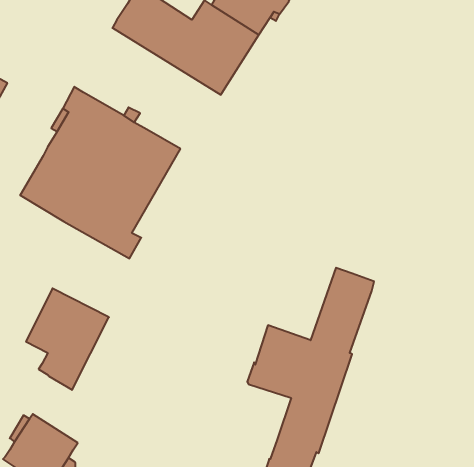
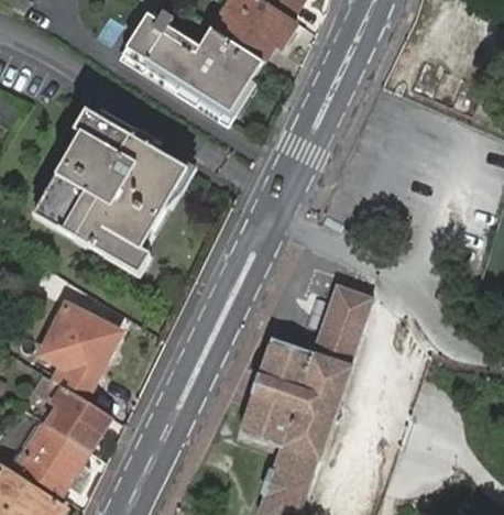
building: none -> [32,372,112,449]
building: none -> [240,393,294,446]

